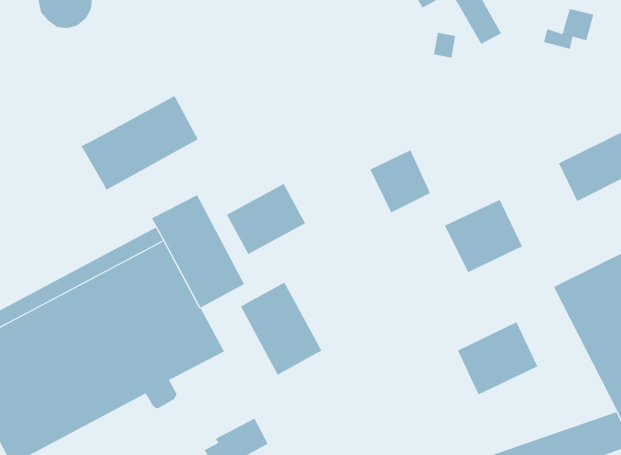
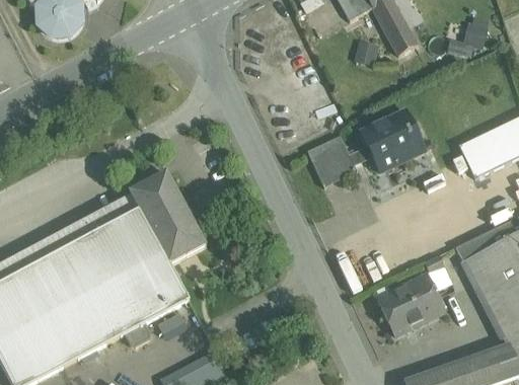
building: [81,95,199,191] -> none
building: [226,183,306,255] -> none
building: [444,199,523,273] -> [361,110,425,170]
building: [240,282,322,375] -> none

